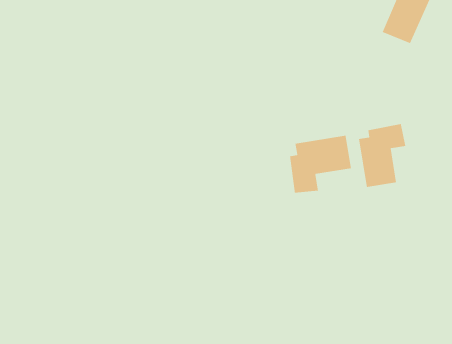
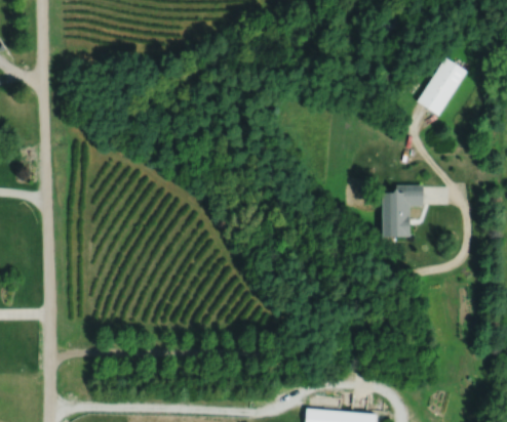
building: [290,135,352,194] -> none

